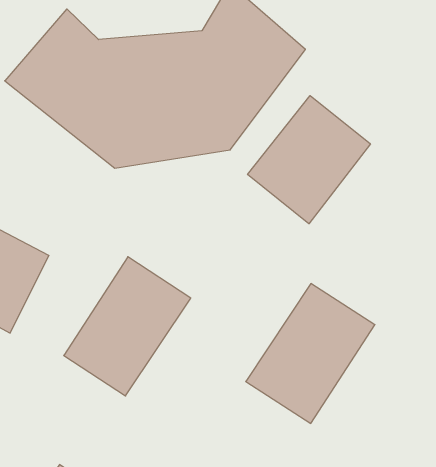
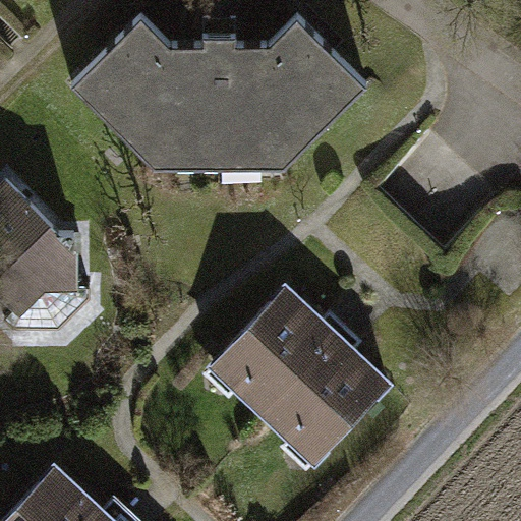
building: [248,96,370,224] -> none
building: [64,257,191,396] -> [200,274,332,407]

